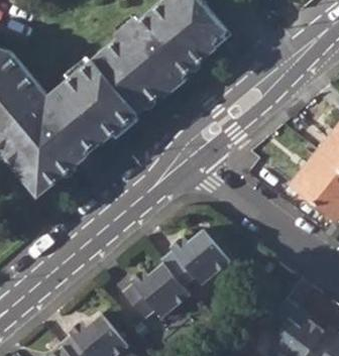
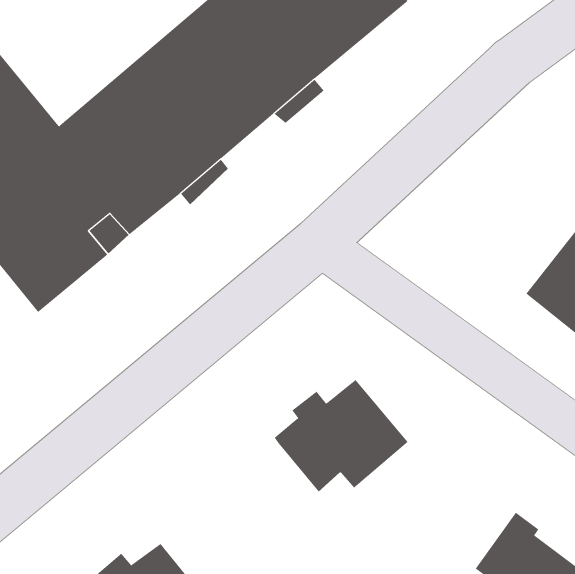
building: [120,262,190,321] -> none

